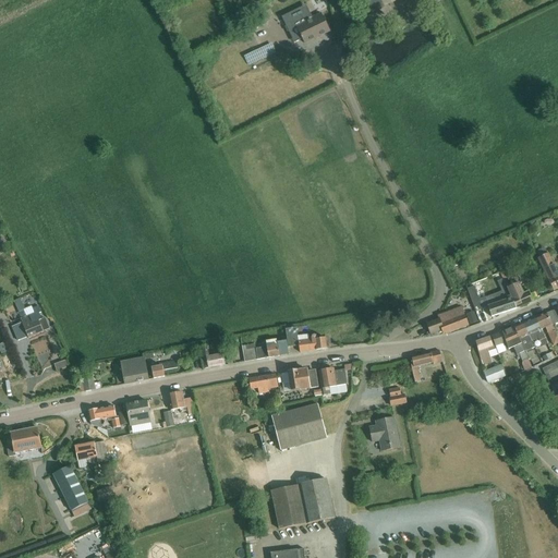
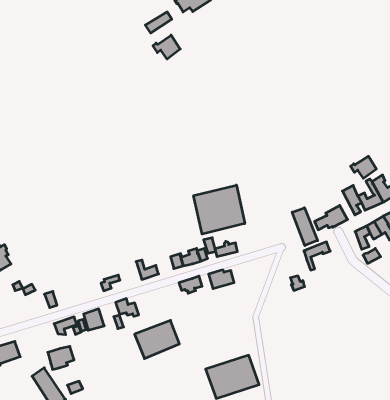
building: none -> [153,35,180,59]
building: none -> [351,156,376,178]
building: none -> [194,185,245,234]
building: none -> [292,208,318,246]
building: [117,357,149,384] -> none
building: [319,367,347,393] -> none
building: [271,403,326,447] -> [135,320,179,359]
building: [369,416,400,450] -> none

